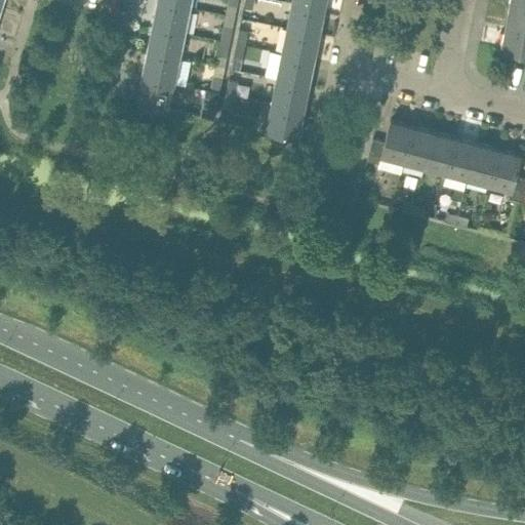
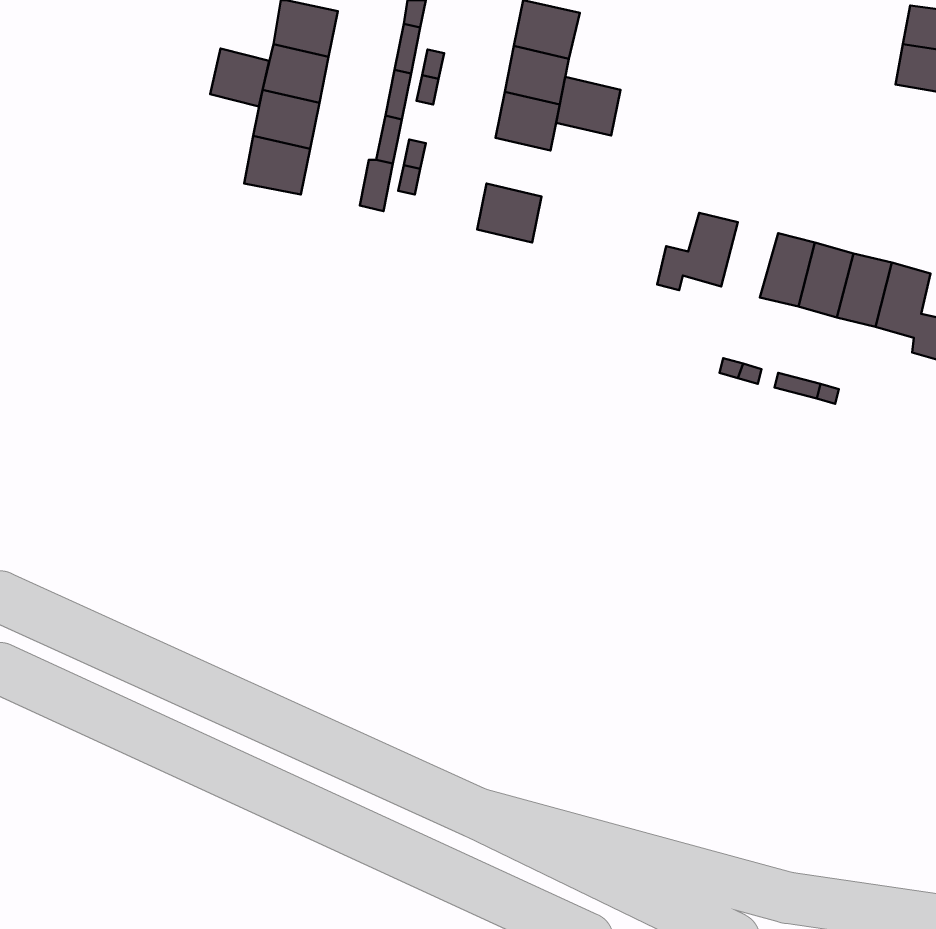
building: none -> [210,48,269,107]
building: [273,82,309,115] -> [556,77,620,136]
building: [404,129,436,171] -> none

